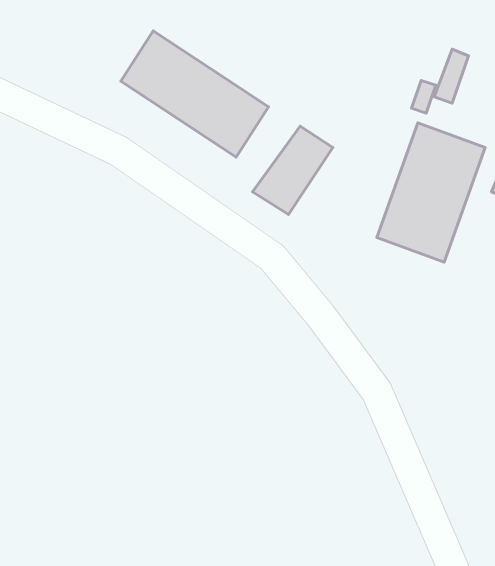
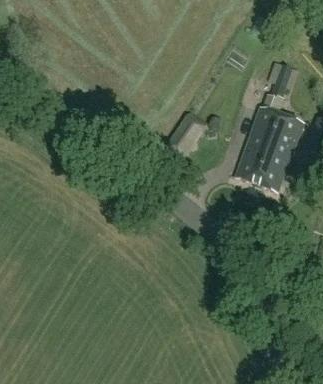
building: [121,31,269,157] -> none

